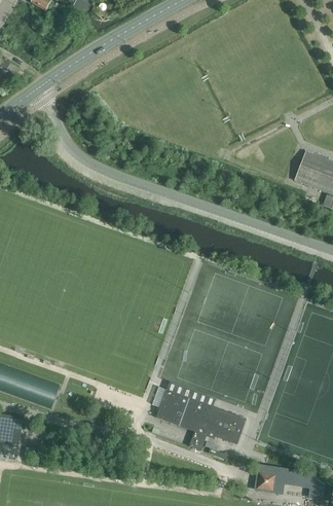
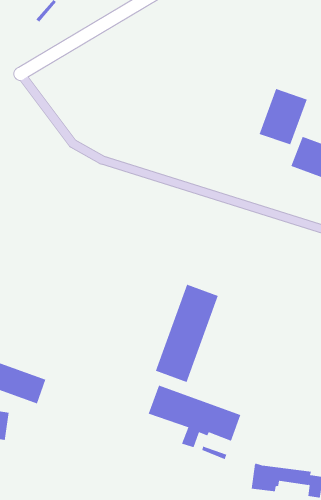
building: none -> [259,88,307,145]
building: none -> [155,284,219,383]

